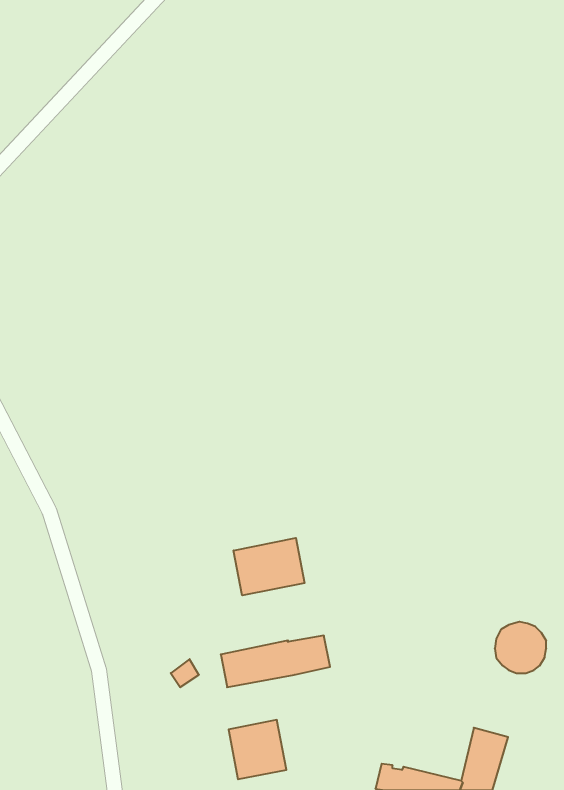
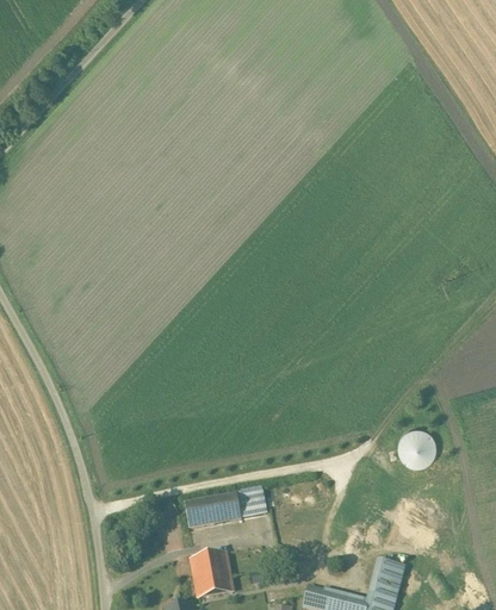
building: [234,538,305,595] -> none
building: [495,622,546,673] -> [397,428,436,467]

